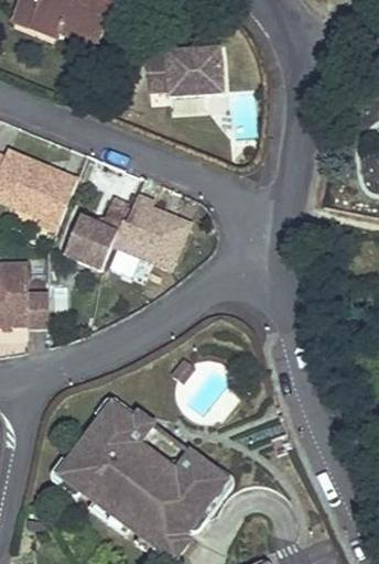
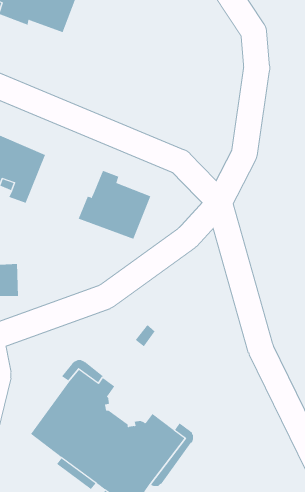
building: [145,47,221,97] -> none
building: [62,195,127,267] -> none

